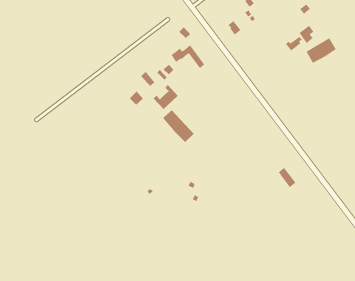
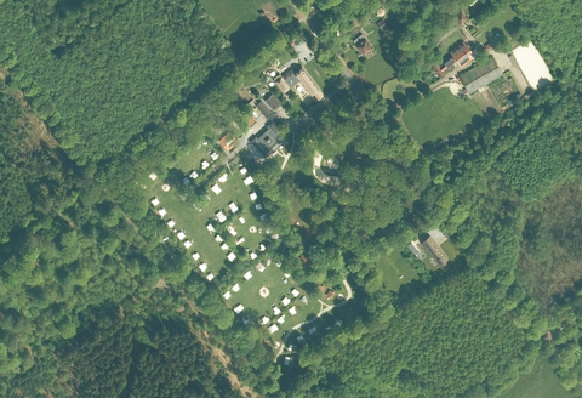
building: [163,109,194,143] -> none

